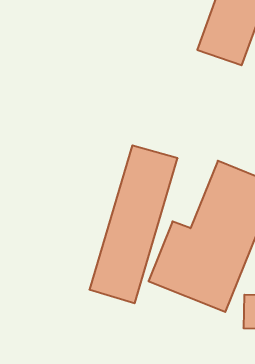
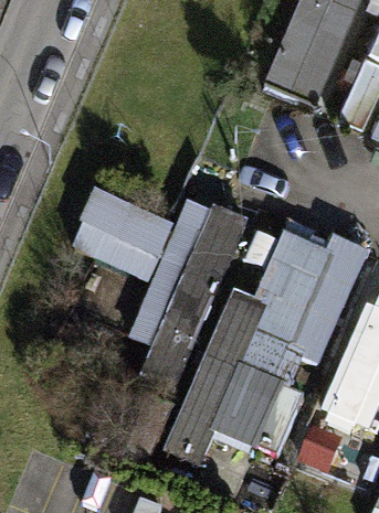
building: none -> [71,186,173,279]
building: none -> [175,388,291,464]

